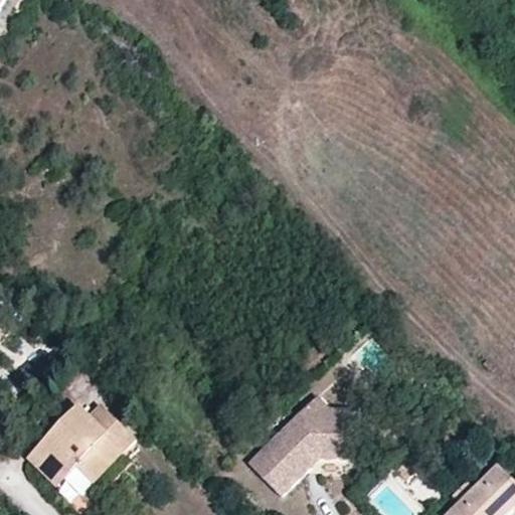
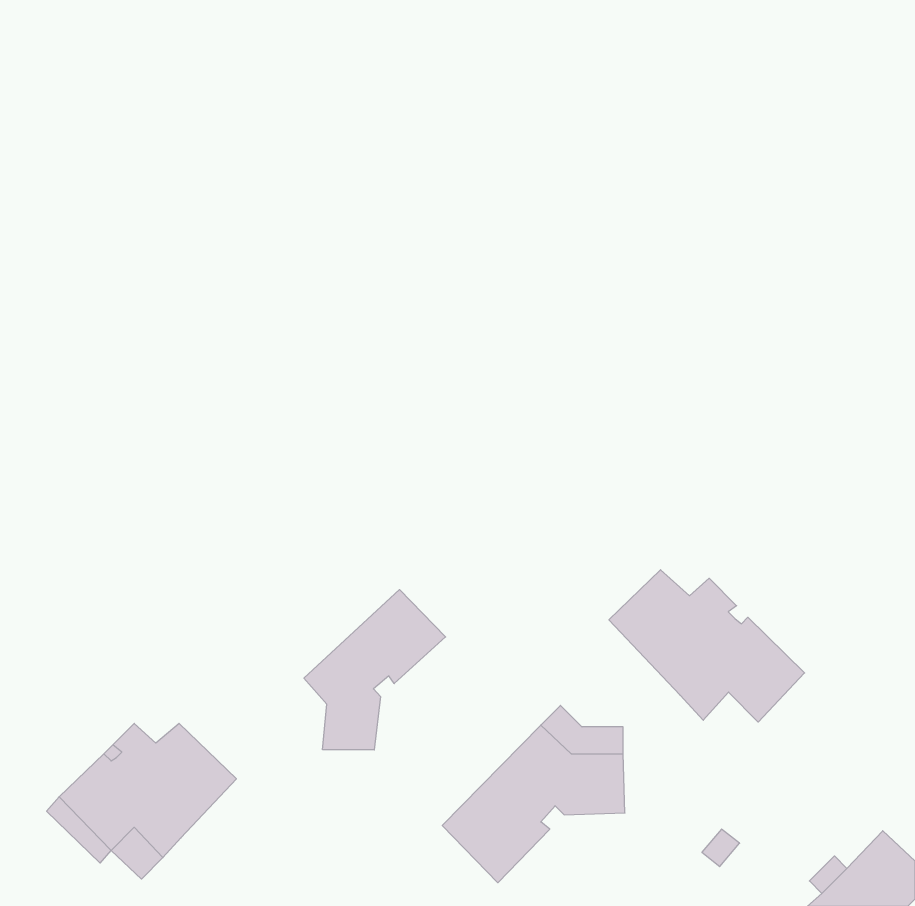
building: none -> [609,570,805,722]
building: none -> [304,590,446,750]

